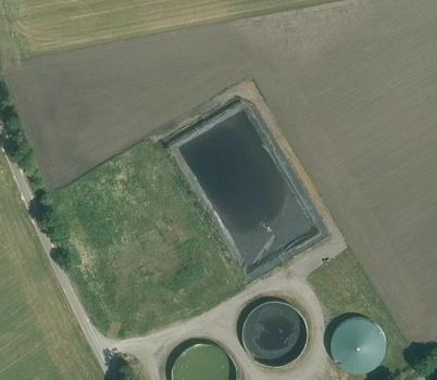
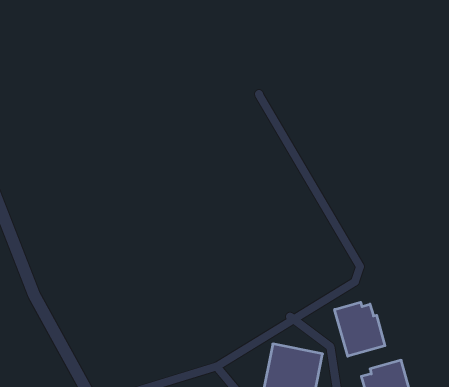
building: none -> [335,302,385,356]

